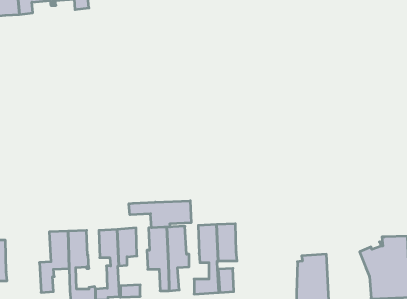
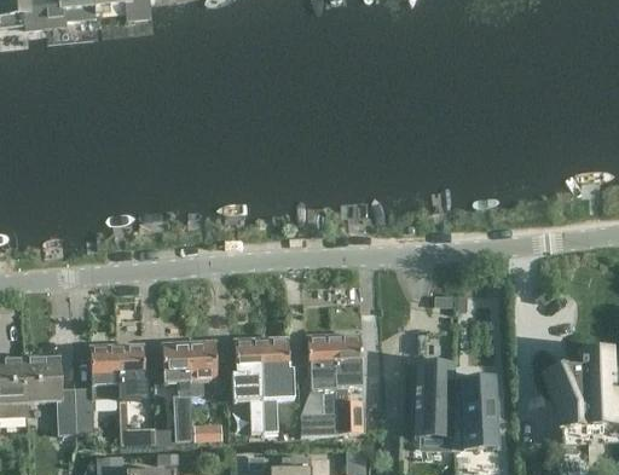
building: [129,201,191,228] -> none
building: none -> [25,357,77,435]
building: none -> [413,361,453,435]

